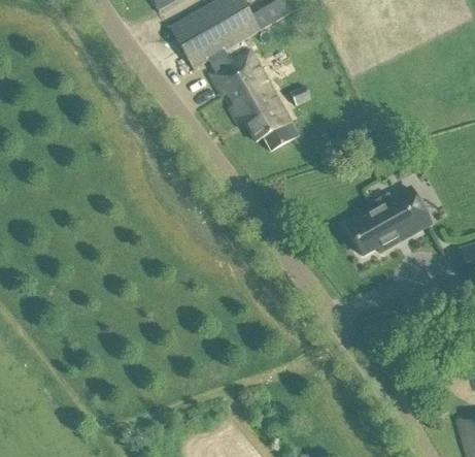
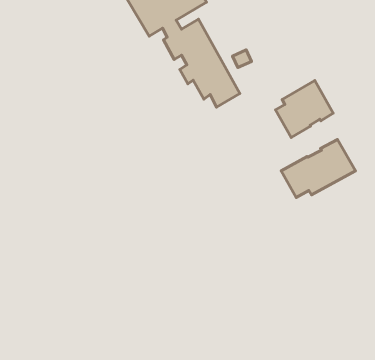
building: none -> [275,80,333,138]

